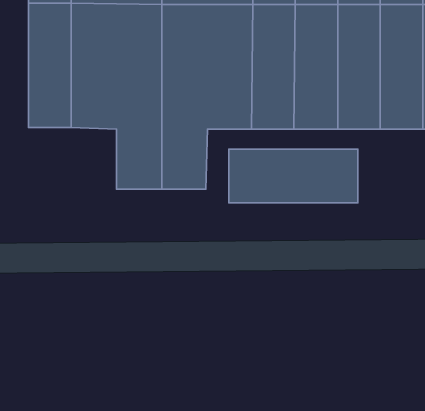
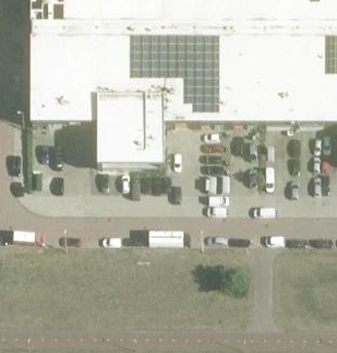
building: [229,149,358,203] -> none

